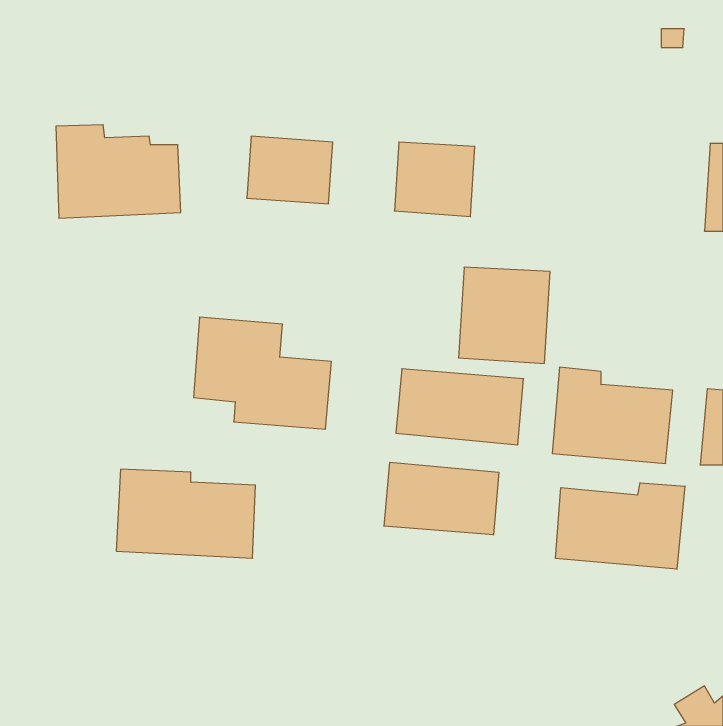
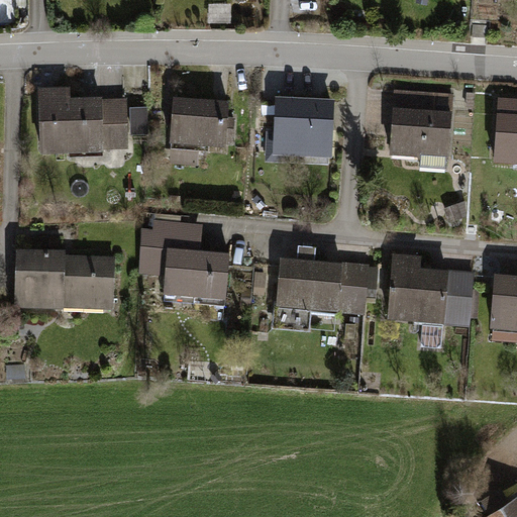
building: [458,267,550,363] -> [391,92,455,160]
building: [384,462,499,535] -> none
building: [116,469,255,558] -> [14,247,112,310]
building: [555,483,685,569] -> none

